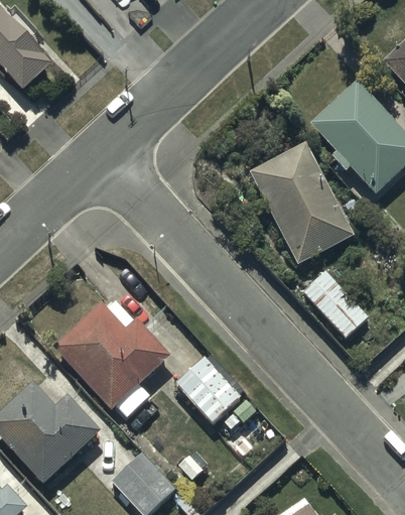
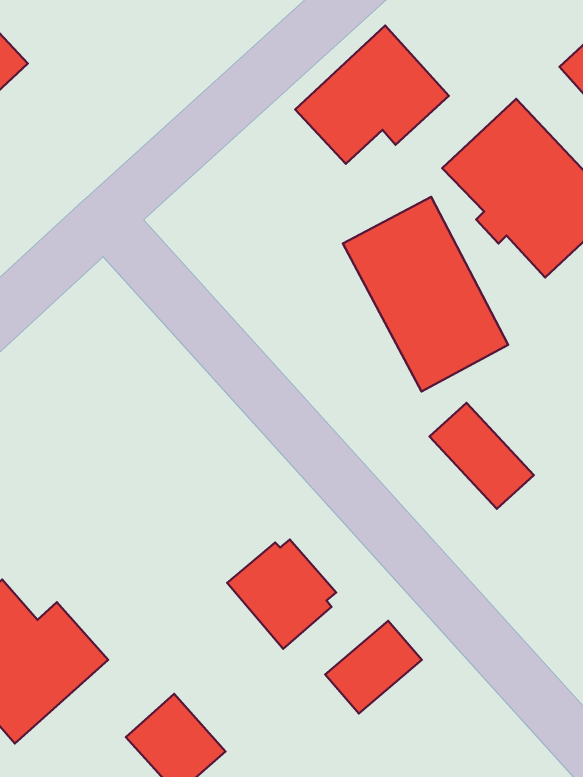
building: none -> [295,25,449,164]
building: [53,302,171,410] -> none
building: none -> [325,621,422,713]

